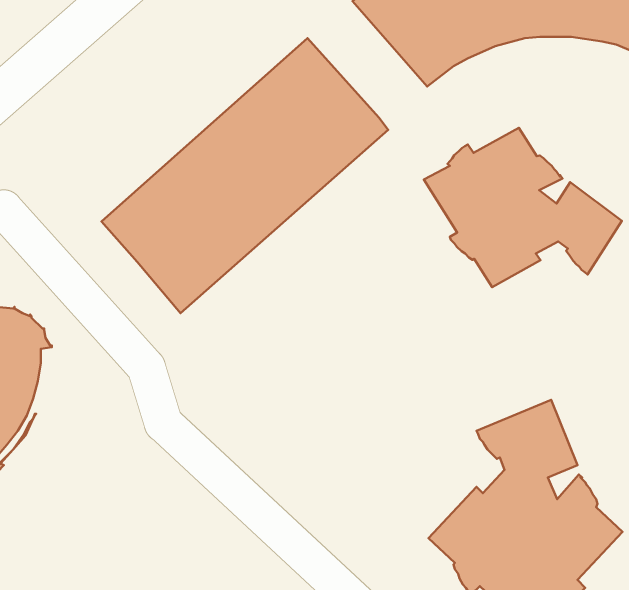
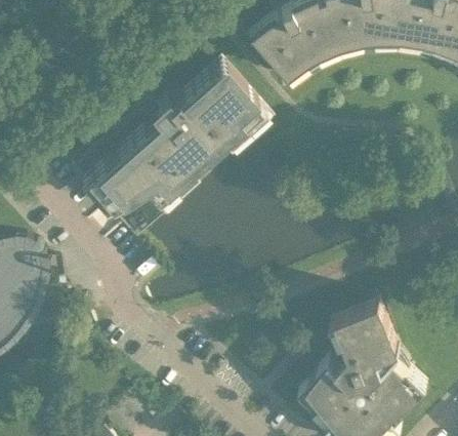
building: [424,128,622,287] -> none

